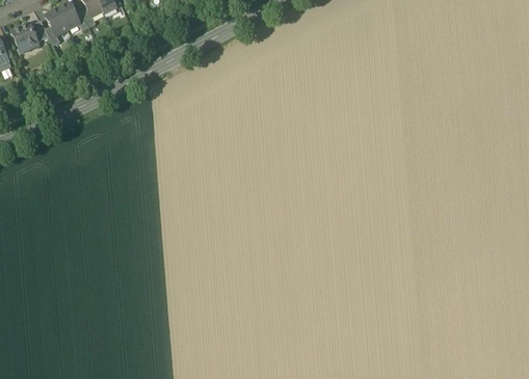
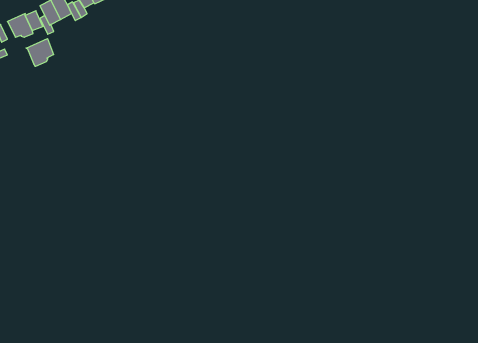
building: none -> [26,39,54,66]

